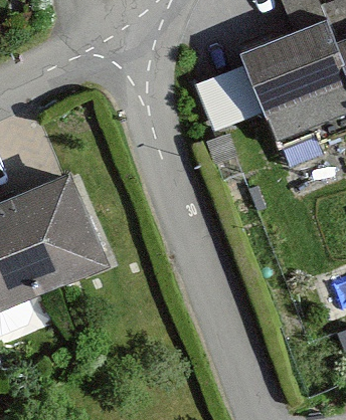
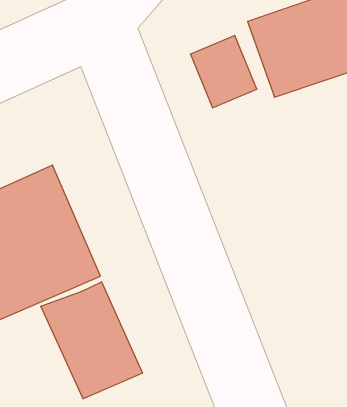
building: none -> [41,282,143,399]

